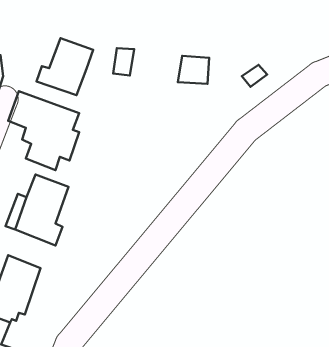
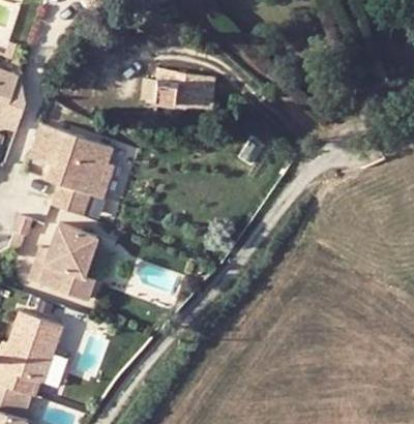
building: [37,38,93,95] -> none
building: [178,56,209,84] -> [172,71,209,104]

